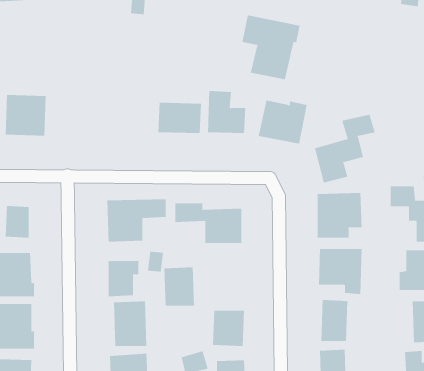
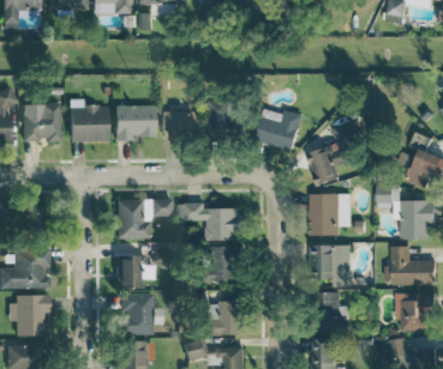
building: [242,15,300,80] -> none
building: none -> [68,99,107,141]
building: none -> [114,105,155,141]
building: [164,267,195,306] -> [209,246,238,282]

